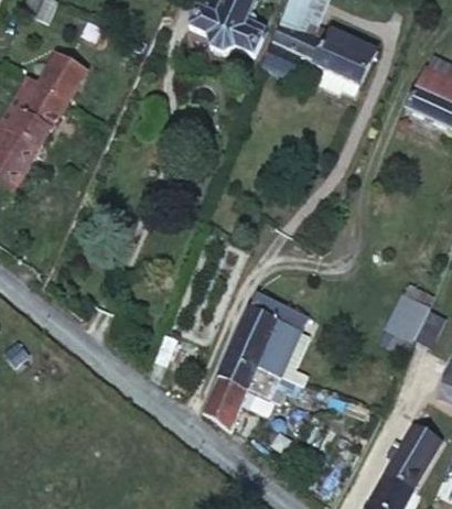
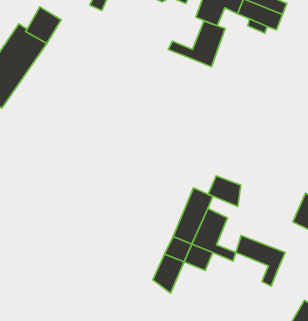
building: none -> [168,21,225,67]
building: none -> [208,176,241,206]
building: none -> [236,236,285,286]

